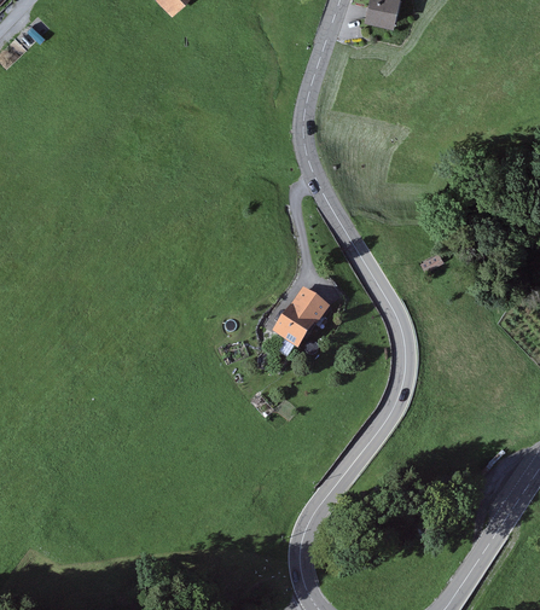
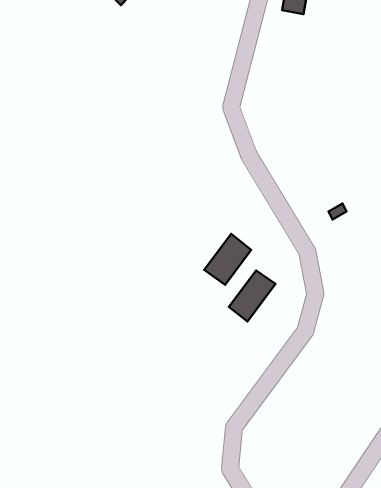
building: none -> [229,270,276,321]

